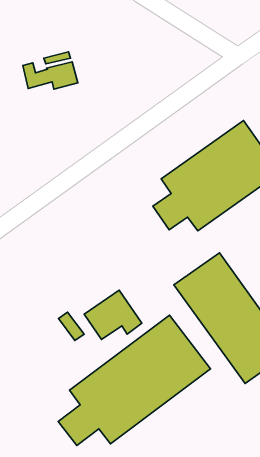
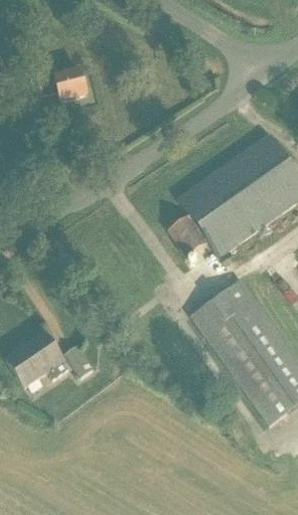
building: [84,290,142,340] -> [6,333,69,387]
building: [58,315,210,446] -> none

